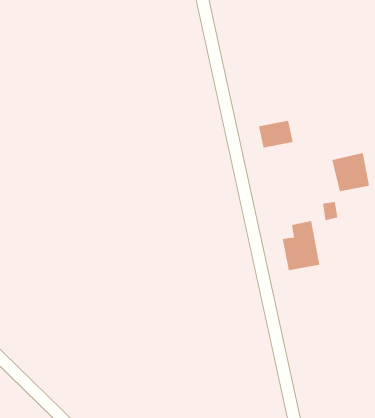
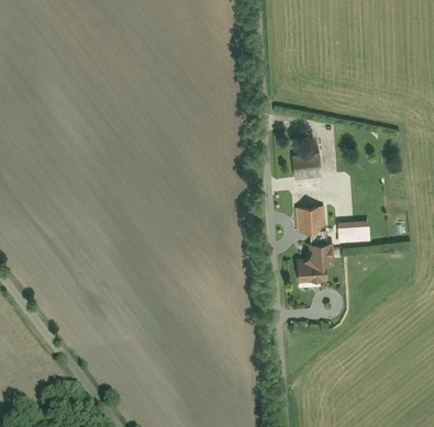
building: [332,152,370,192] -> [296,205,325,236]

